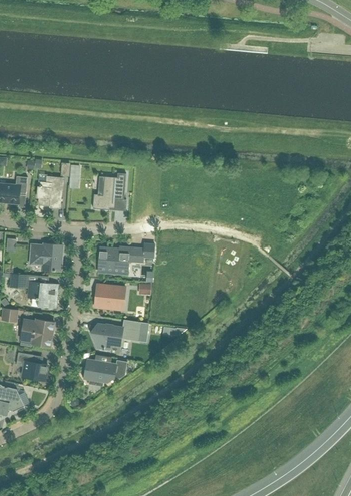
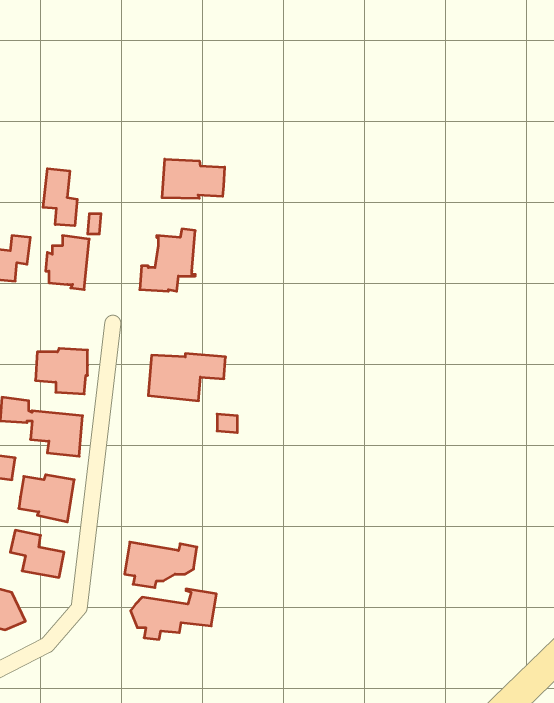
building: none -> [162,159,225,198]
building: none -> [43,169,77,226]
building: [94,285,125,309] -> none
building: [90,319,141,349] -> [131,589,216,639]

